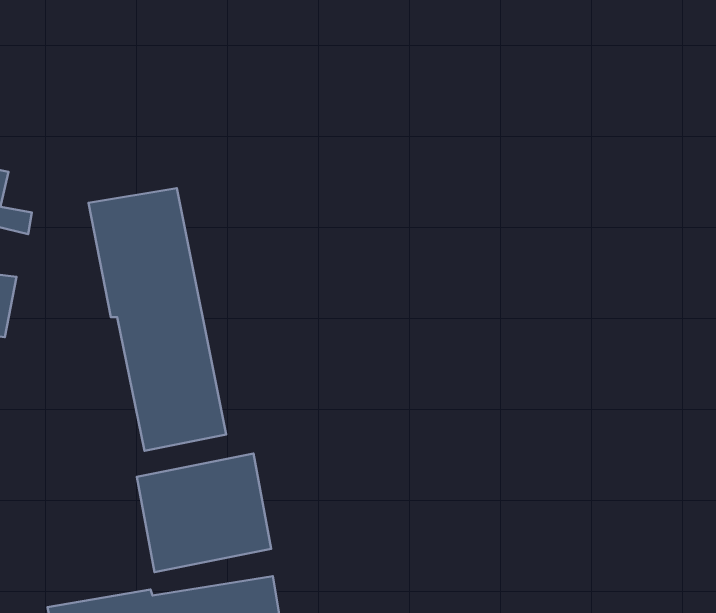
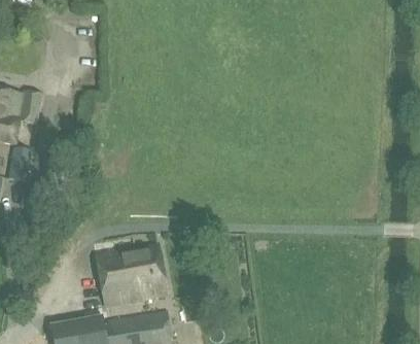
building: [88,188,226,451] -> none

